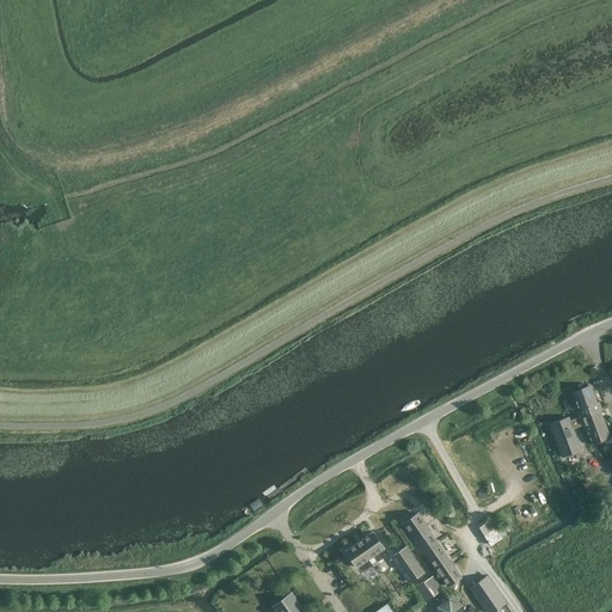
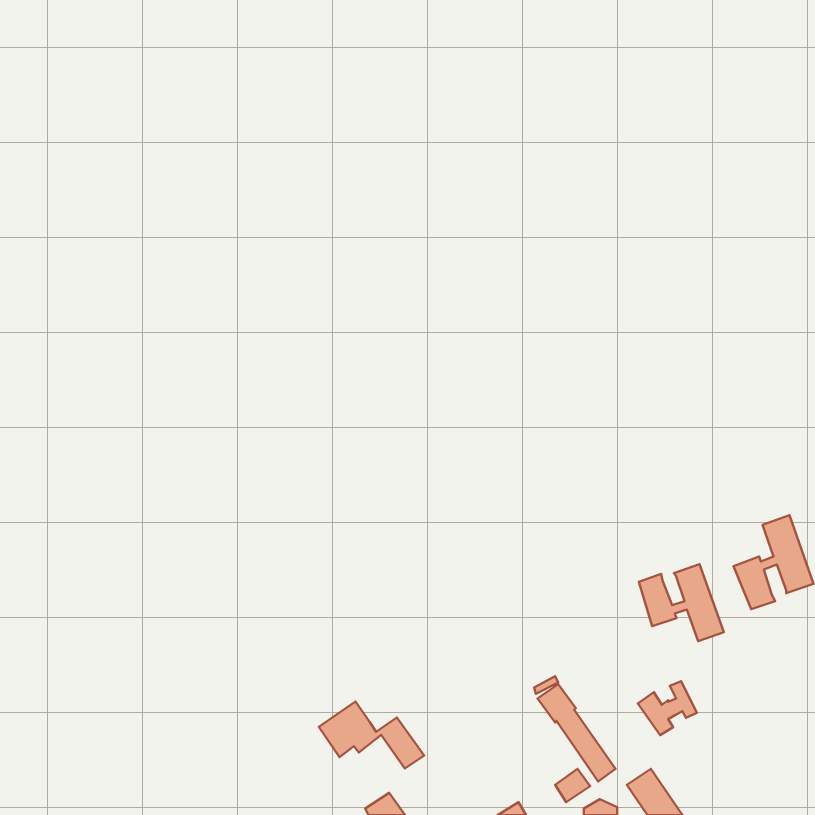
building: none -> [639,564,724,641]
building: [345,532,424,582] -> [319,701,424,768]

